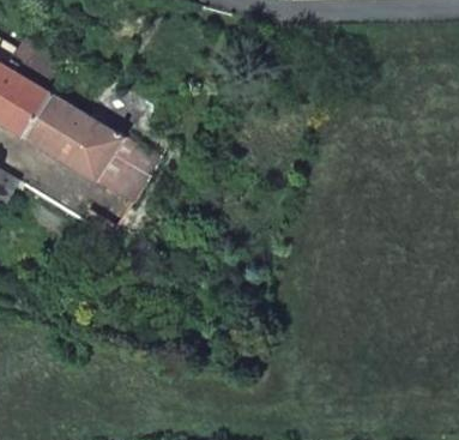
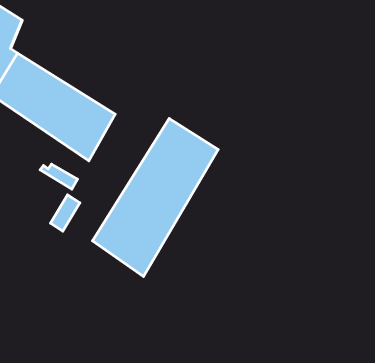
building: none -> [93,119,218,277]

